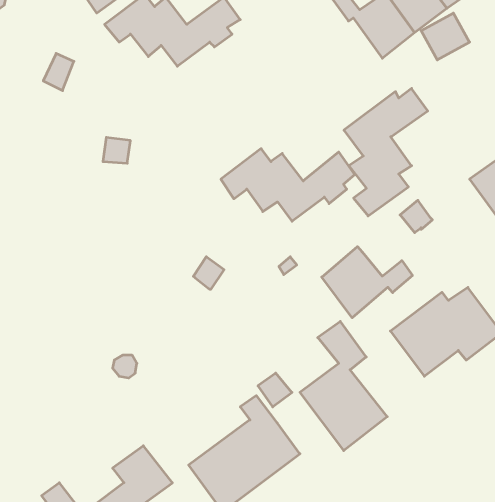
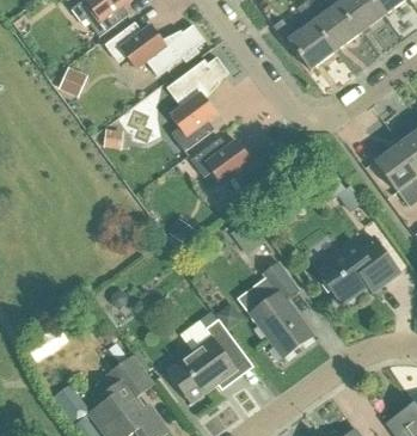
building: [344,88,428,216] -> [166,56,228,151]
building: [322,247,412,318] -> none

